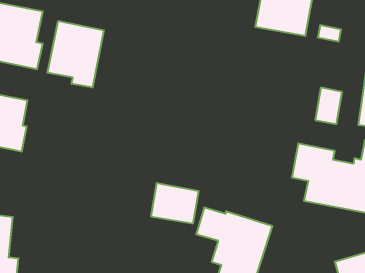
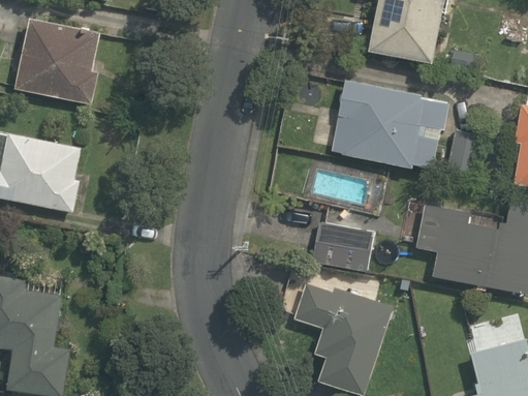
building: [47,21,104,88] -> none
building: none -> [330,82,446,166]
building: [151,183,199,224] -> [312,222,373,274]

